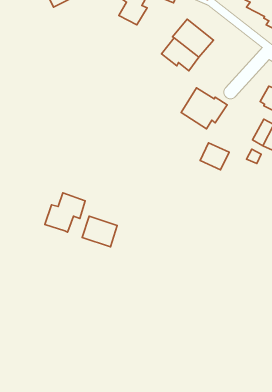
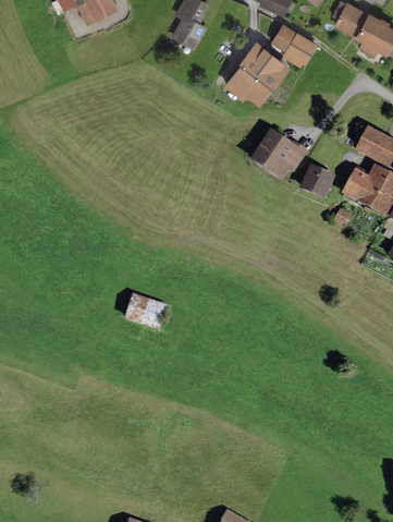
building: none -> [270,21,318,65]
building: [200,143,229,170] -> [299,165,336,199]
building: [45,193,85,232] -> none

